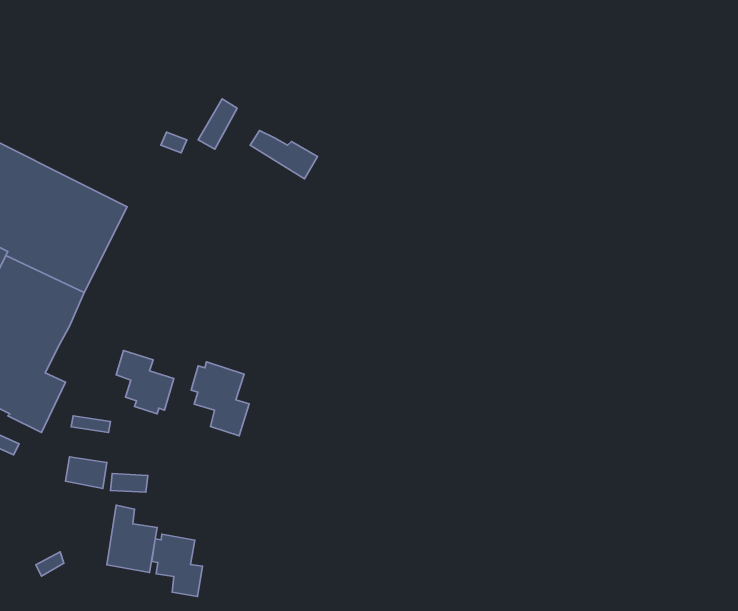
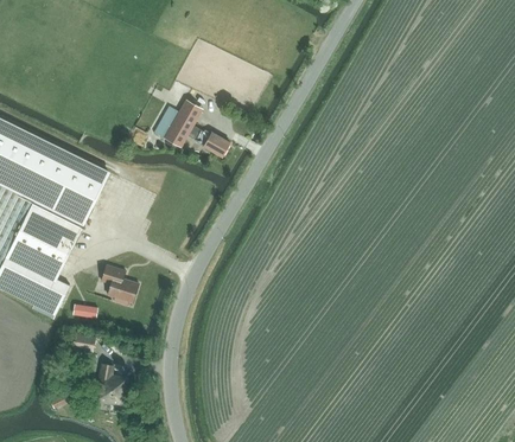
building: none -> [163,97,201,145]
building: [191,362,249,436] -> none
building: [152,534,202,596] -> none

